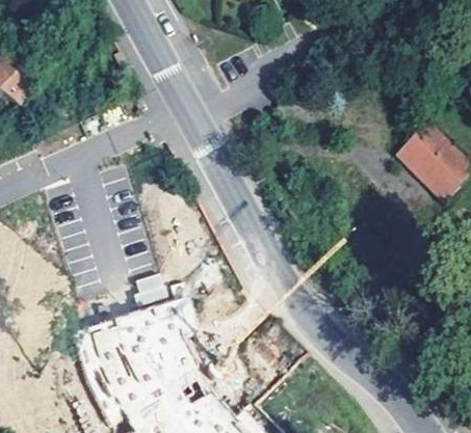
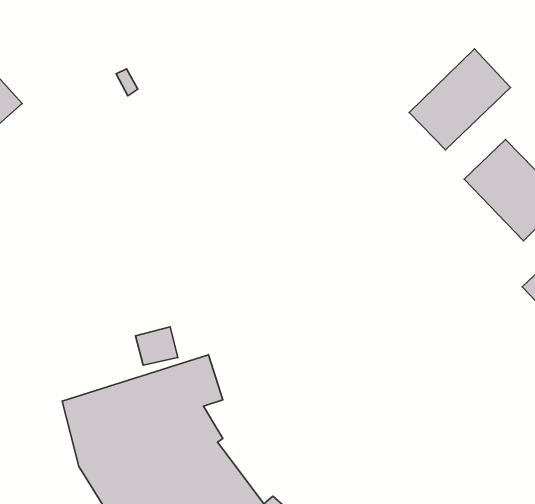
building: none -> [409,49,511,150]

